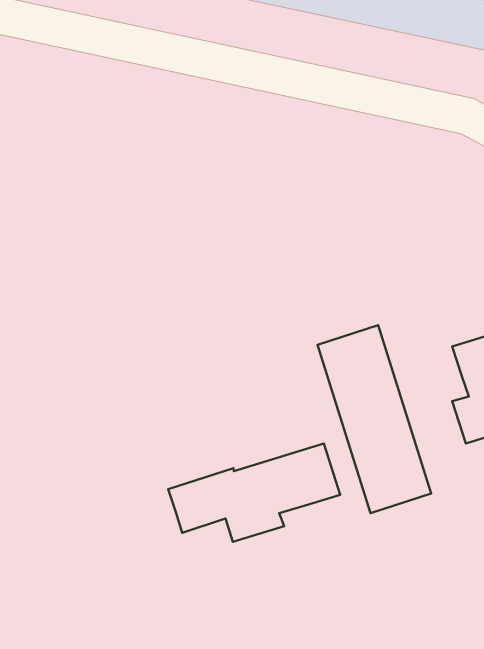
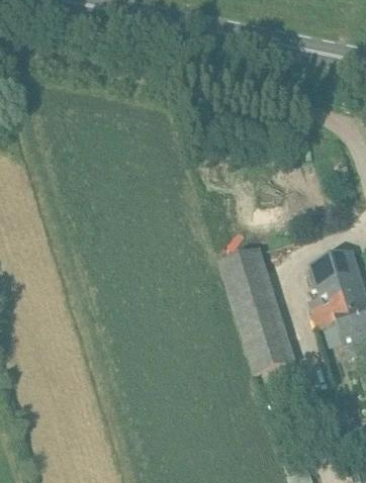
building: [168,444,340,542] -> none

